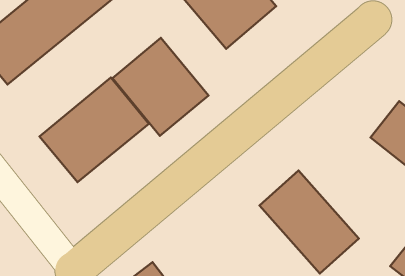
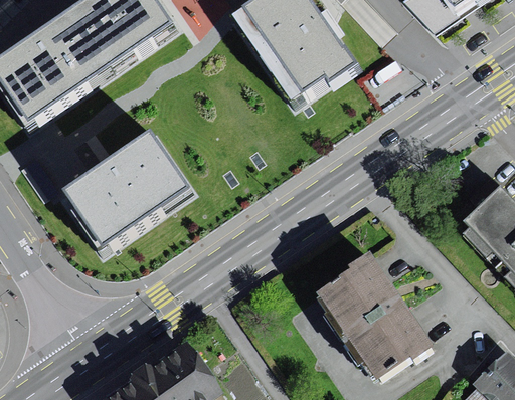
building: [113,38,209,136] -> none

